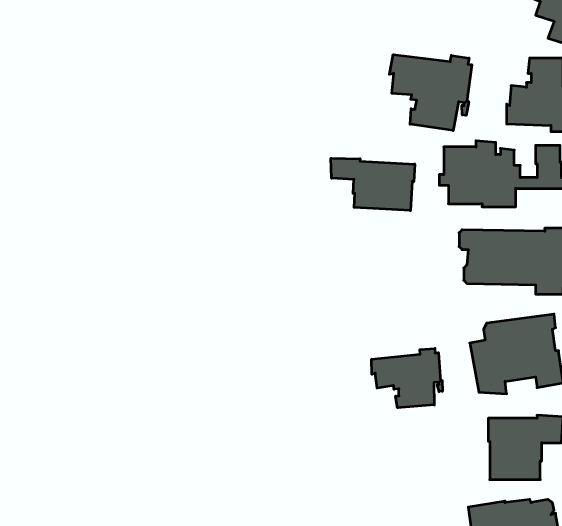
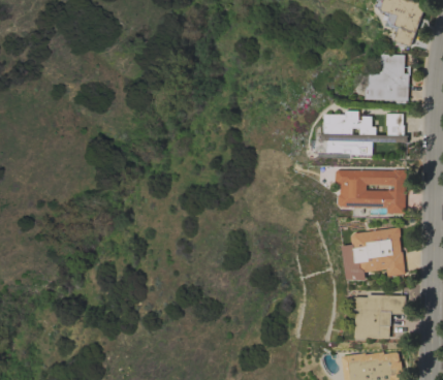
building: [389,55,472,131] -> none
building: [331,158,415,211] -> none
building: [372,348,442,408] -> none

